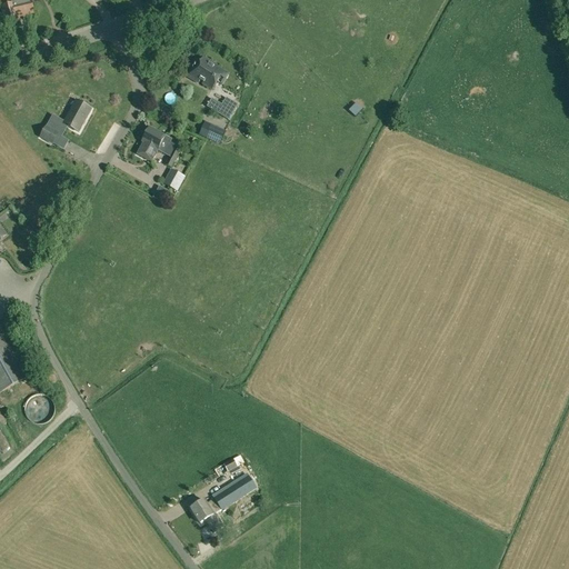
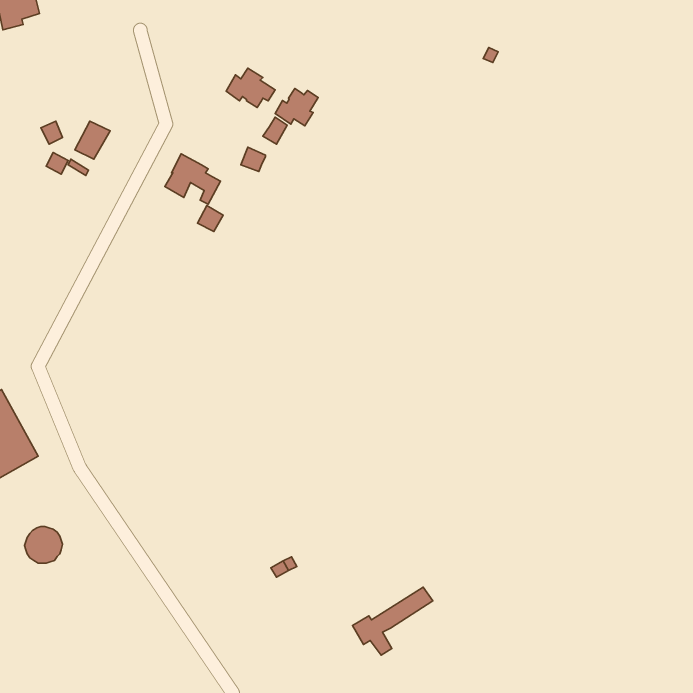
building: none -> [275,88,318,126]
building: [22,392,53,422] -> [24,527,63,563]
building: [189,476,254,531] -> [352,587,433,655]

